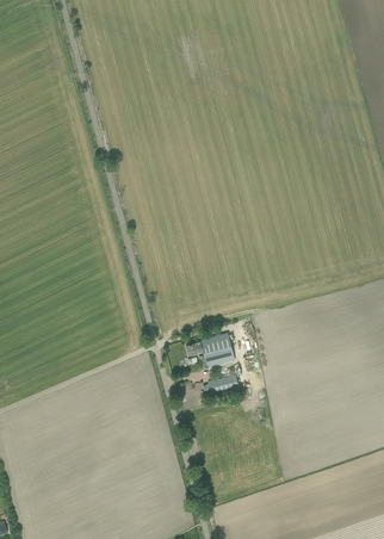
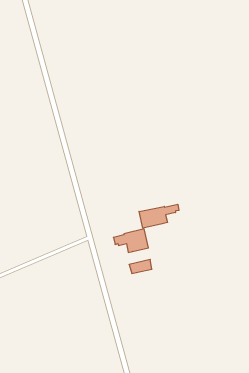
building: none -> [139,204,179,228]

